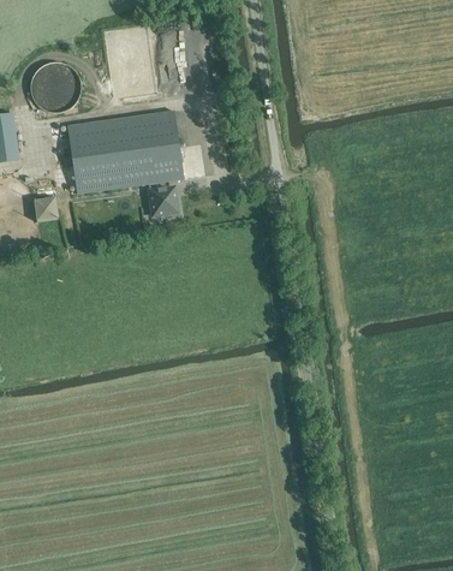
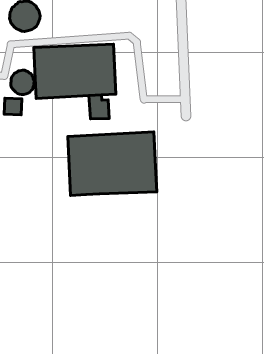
building: none -> [11,70,34,94]
building: none -> [68,132,157,195]

